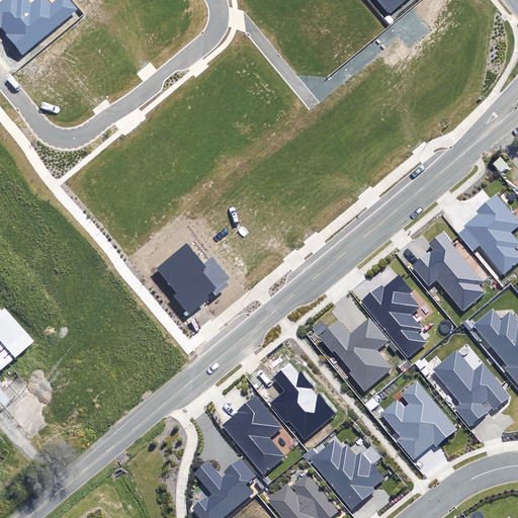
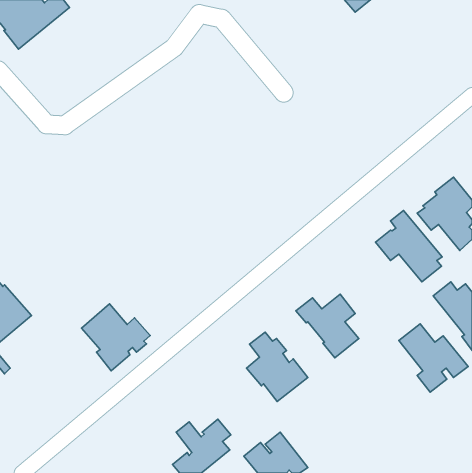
building: [155,242,230,315] -> [82,304,150,371]
building: [359,273,426,357] -> none
building: [383,383,457,460] -> none
building: [224,400,285,476] -> none
building: [313,442,385,511] -> none

